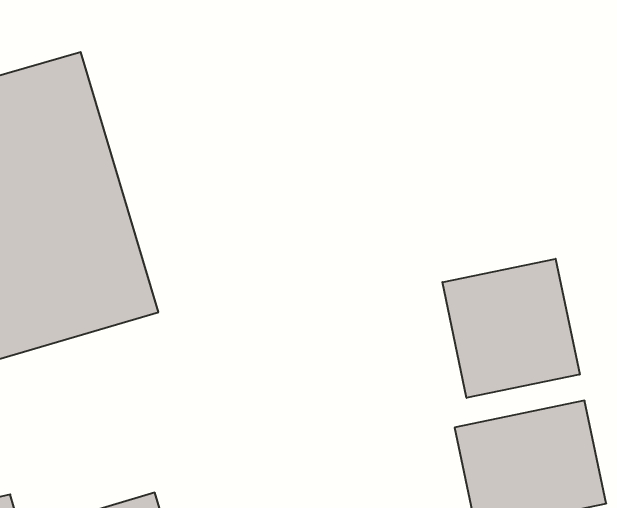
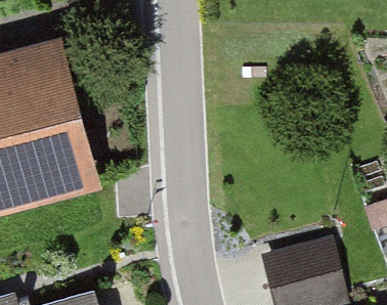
building: [442,259,580,398] -> none

